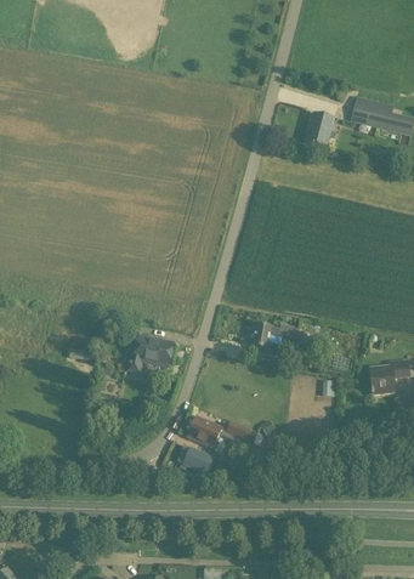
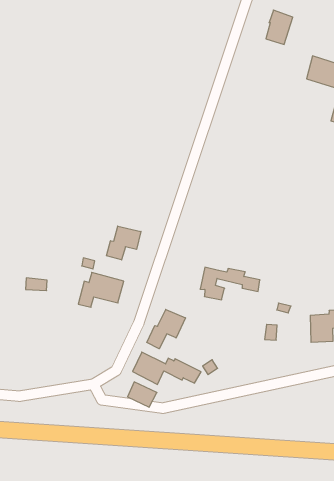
building: [307,113,334,148] -> [266,10,293,44]
building: none -> [107,226,141,260]
building: none -> [147,309,185,349]

